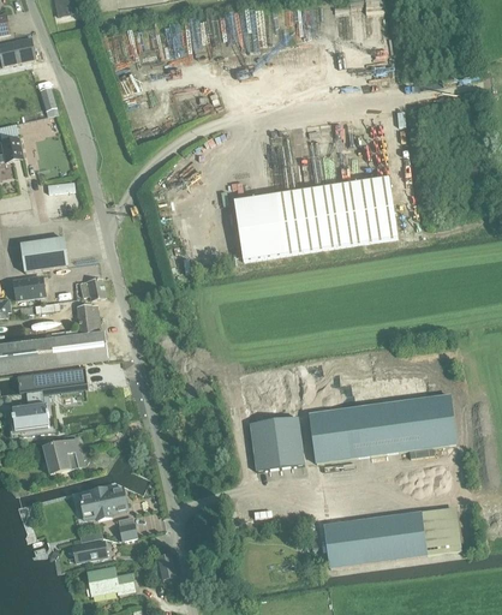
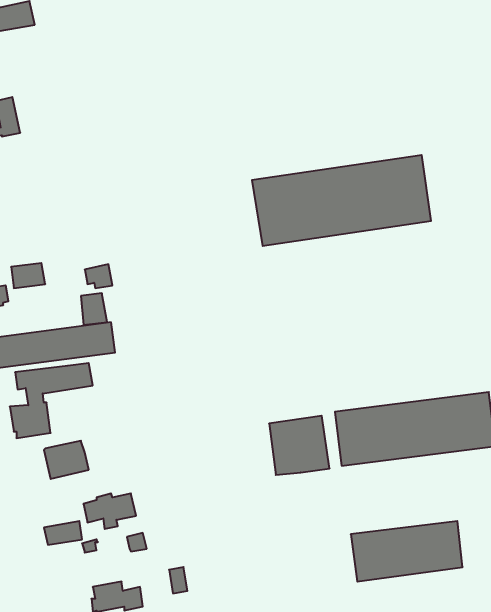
building: [20,237,67,271] -> none
building: [72,539,107,561] -> [44,521,82,545]

